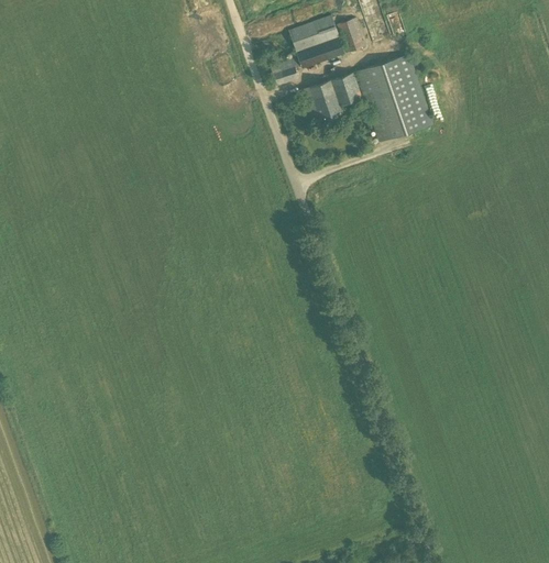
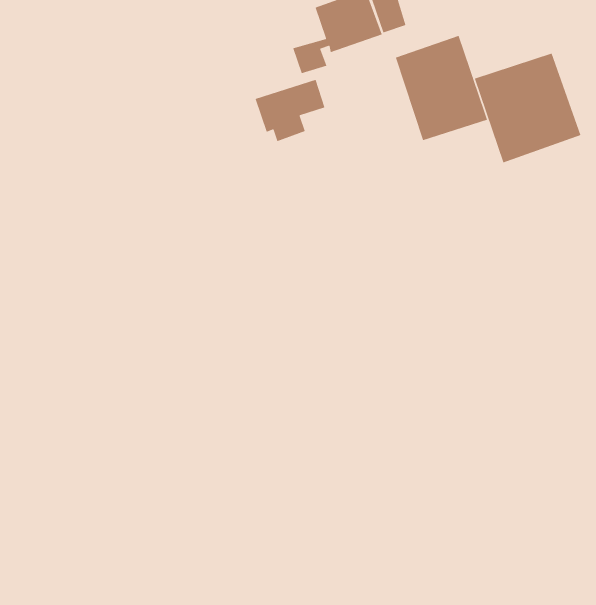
building: none -> [474,52,581,163]
building: [303,73,362,125] -> [254,79,326,142]

